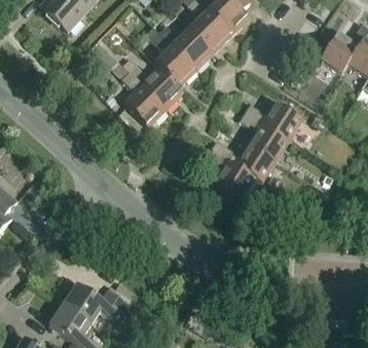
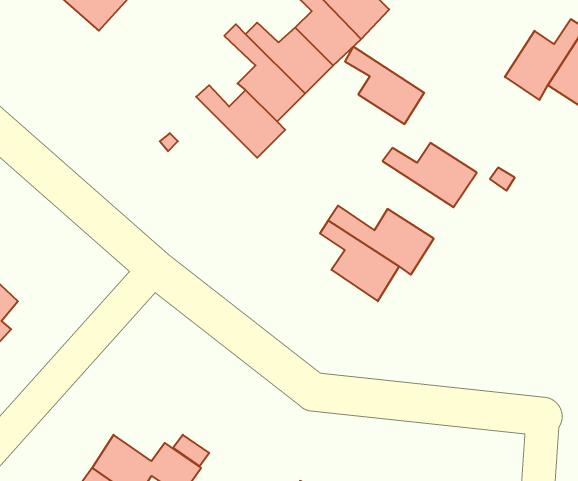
building: [120,73,165,128] -> none
building: [238,113,288,161] -> [345,47,424,124]

